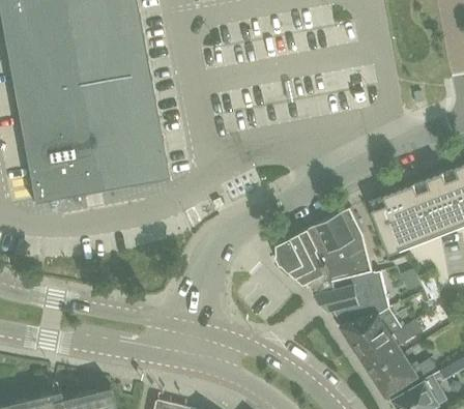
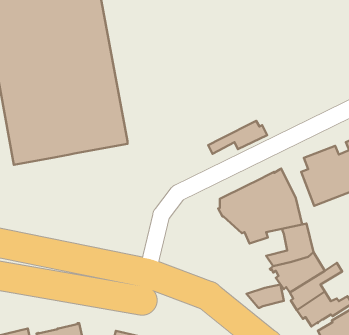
building: none -> [208,121,267,154]
building: [314,286,358,314] -> [246,284,284,308]

